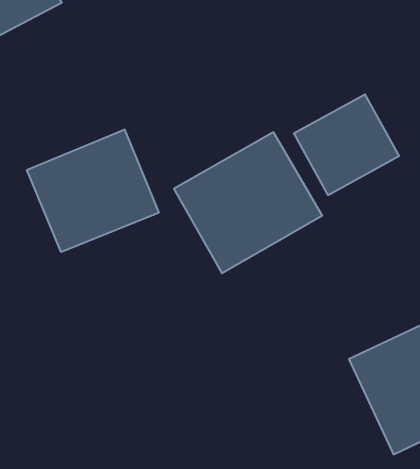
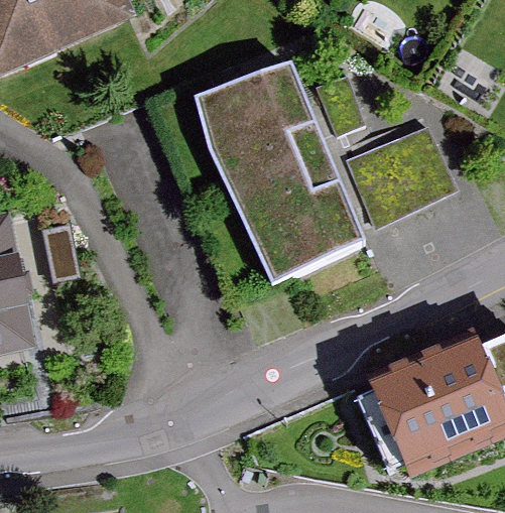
building: none -> [211,68,331,199]
building: [27,129,159,252] -> none

